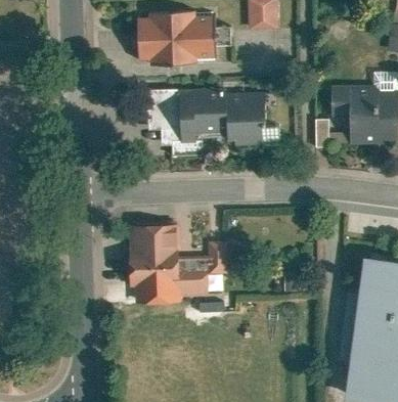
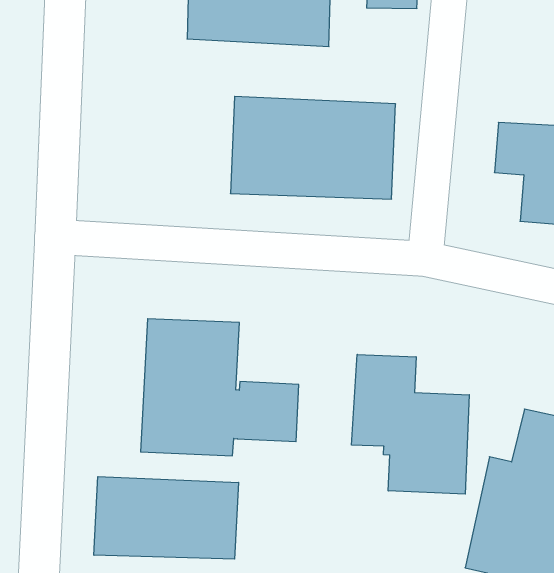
building: none -> [352,354,469,494]
building: none -> [94,477,239,559]

